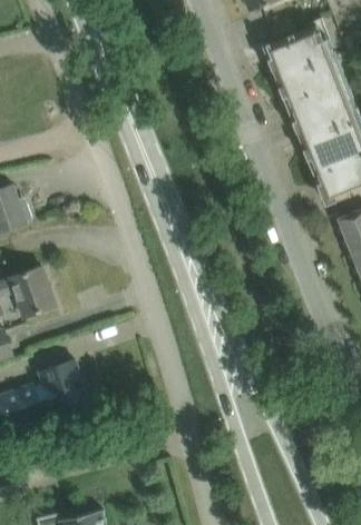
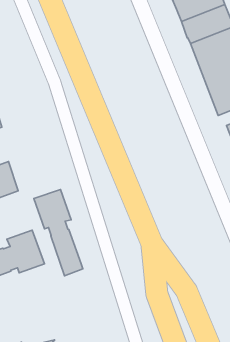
building: none -> [34,189,83,276]

